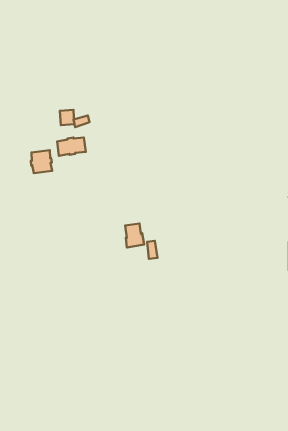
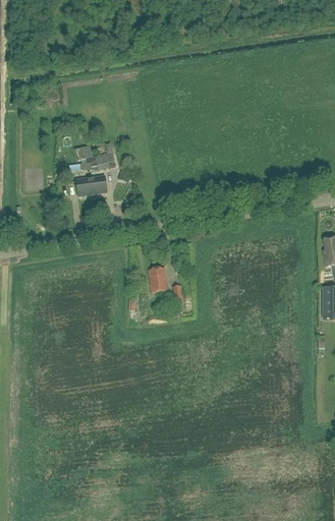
building: [31,150,52,173] -> none

